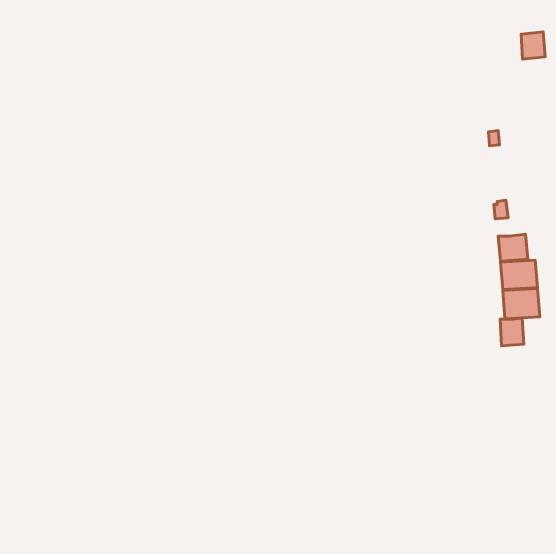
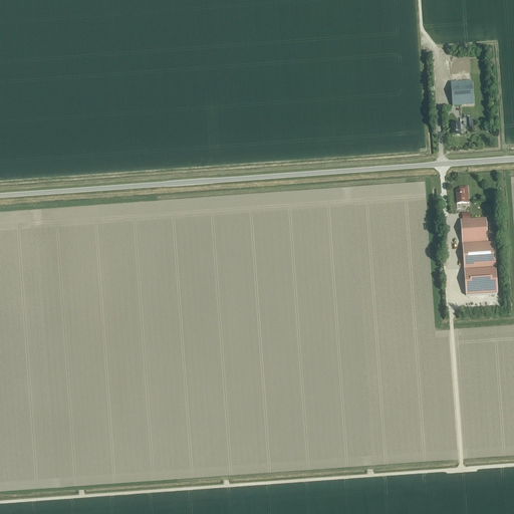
building: [521,32,545,59] -> [451,79,473,104]
building: [500,318,524,346] -> none

